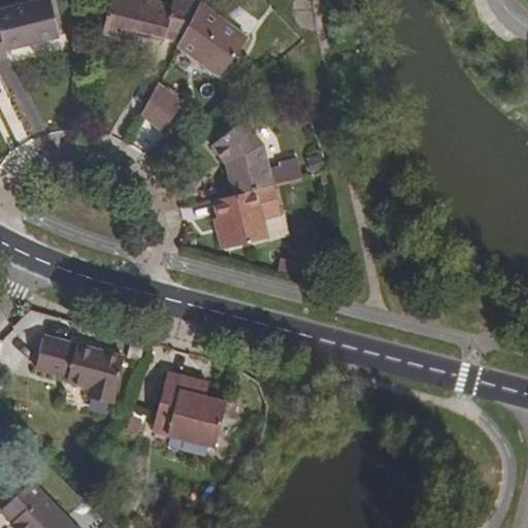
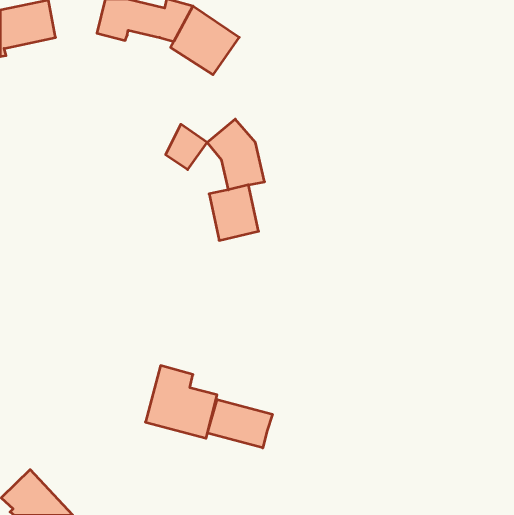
building: [140,87,183,133] -> [166,124,207,170]
building: [36,336,124,403] -> none
building: none -> [207,399,272,448]

